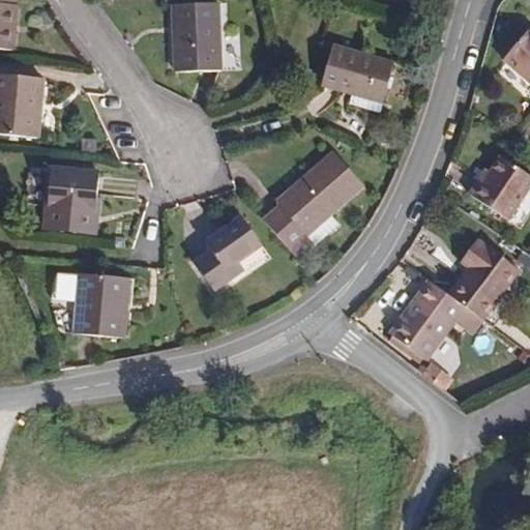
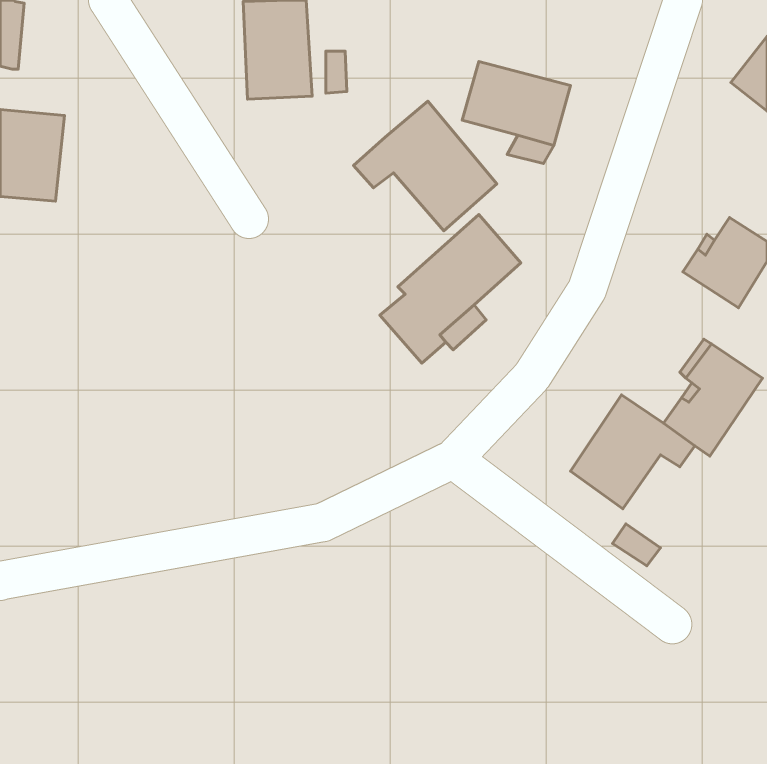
building: none -> [353,101,497,231]
building: [45,168,101,233] -> none
building: [194,215,260,287] -> none
building: [73,273,129,337] -> none

